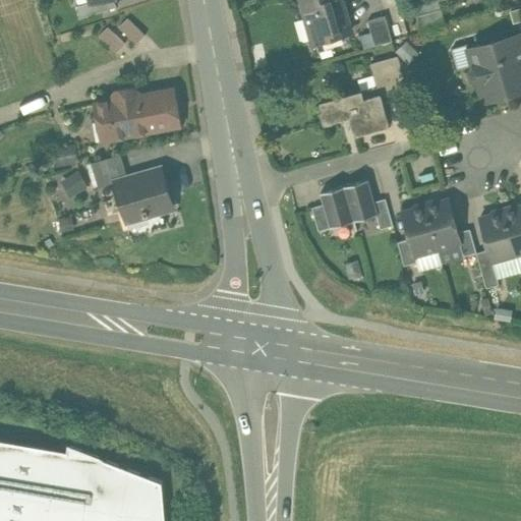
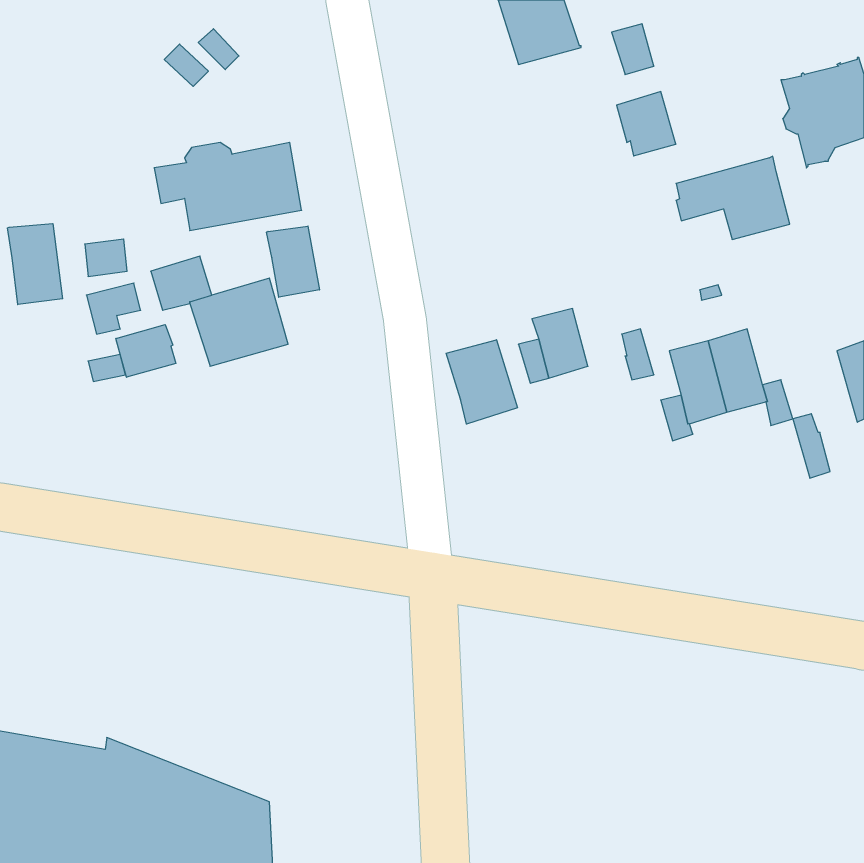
building: [321,86,389,136] -> [676,156,790,239]
building: none -> [7,224,63,305]
building: none -> [267,226,319,297]
building: [344,180,377,222] -> none
building: none -> [116,325,176,377]
building: none -> [446,340,517,424]
building: [479,213,515,262] -> none

